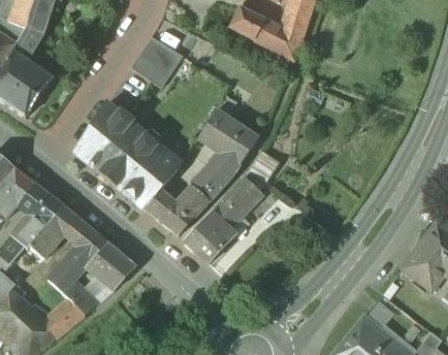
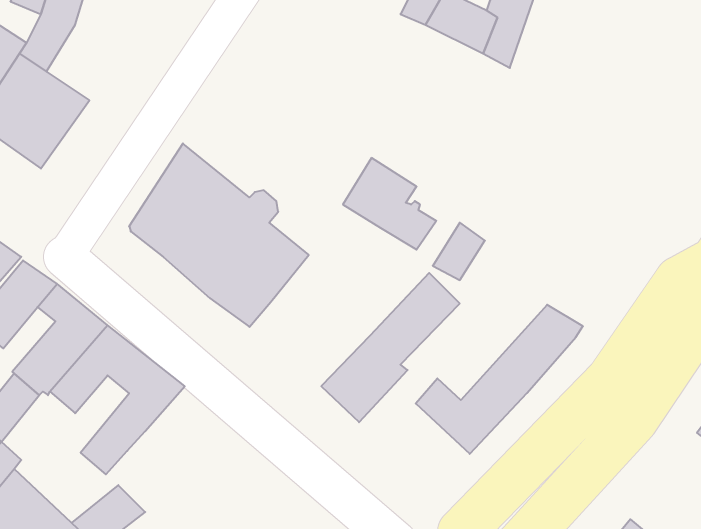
building: [131,34,184,86] -> none
building: [145,150,241,235] -> [416,305,583,454]
building: [85,240,137,288] -> none
building: [62,278,97,313] -> none

